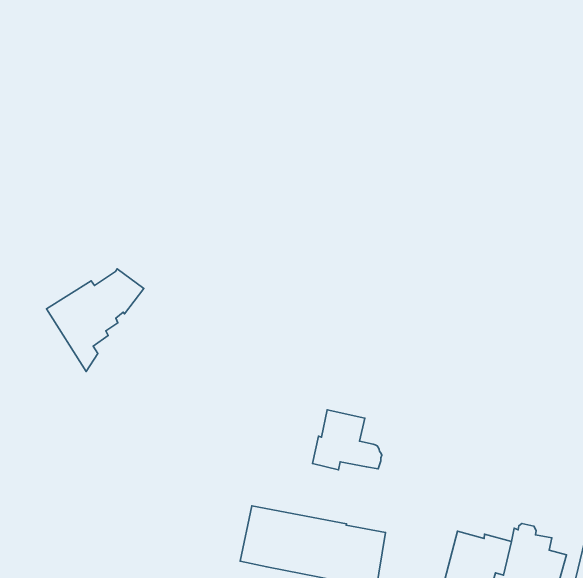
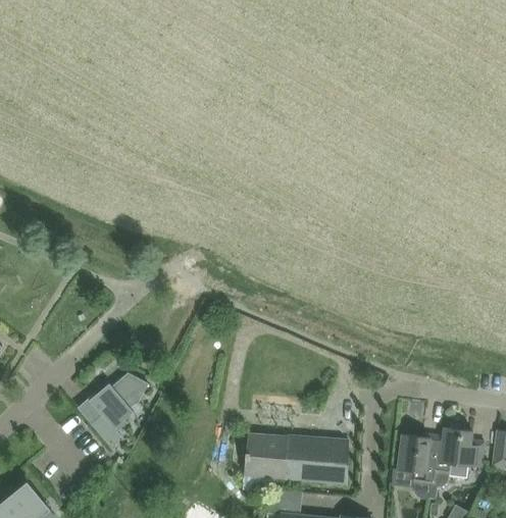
building: [46,269,144,371] -> [79,372,149,451]
building: [313,410,382,470] -> none

